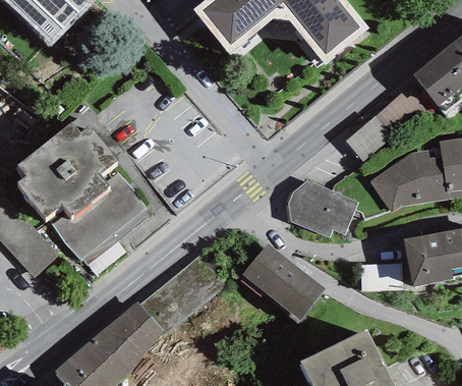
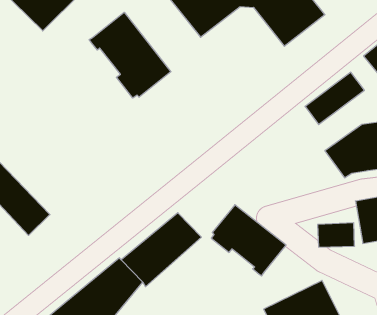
building: none -> [89,12,171,98]
building: [16,117,149,266] -> none
building: [287,180,358,239] -> none

